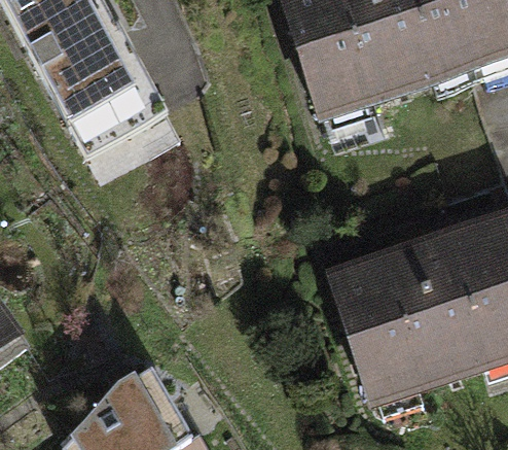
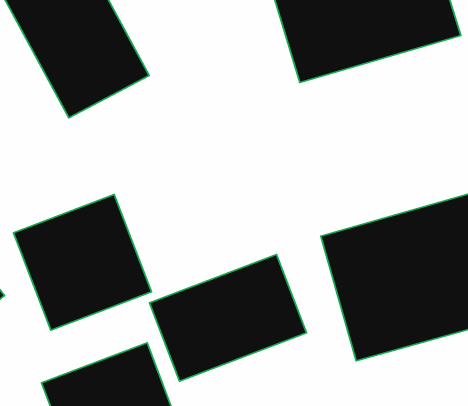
building: none -> [13,195,151,330]
building: none -> [149,255,307,381]

